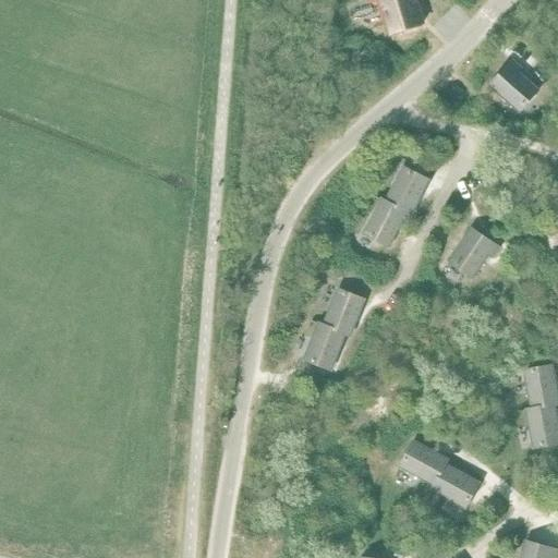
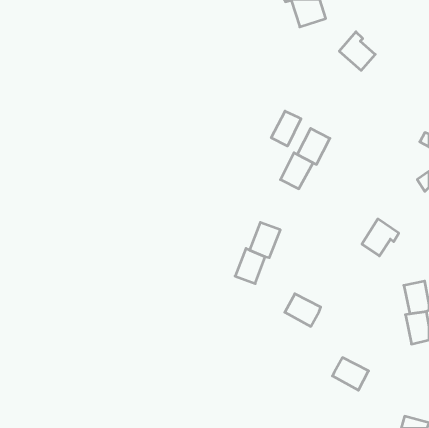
building: [490,60,537,110] -> [339,32,375,70]
building: none -> [271,111,301,146]
building: [450,228,498,276] -> [362,219,399,256]
building: [400,441,447,484] -> [285,294,321,326]

